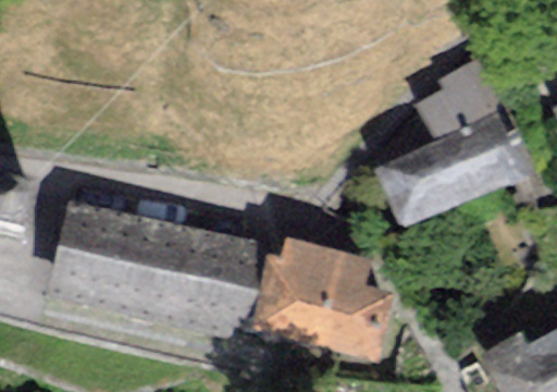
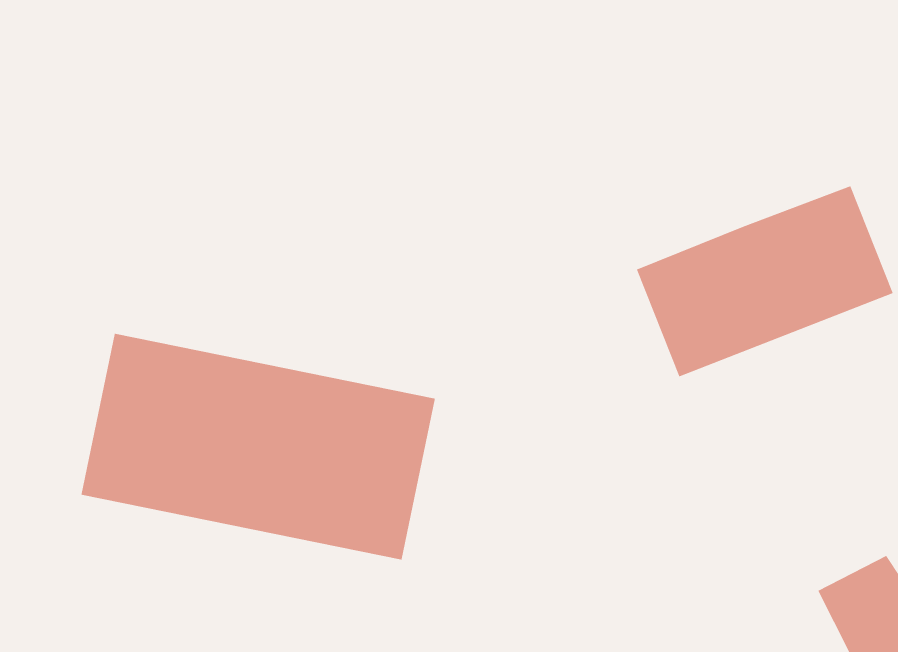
building: [412,57,510,140] -> none
building: [249,237,393,360] -> none

